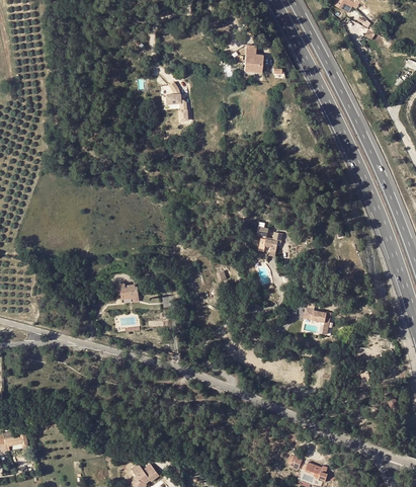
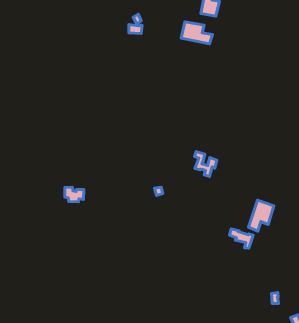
building: none -> [181,22,212,44]
building: none -> [249,200,274,231]

